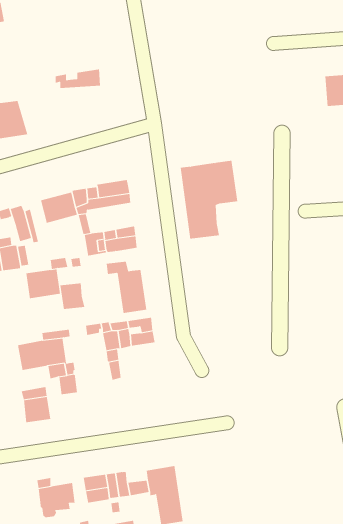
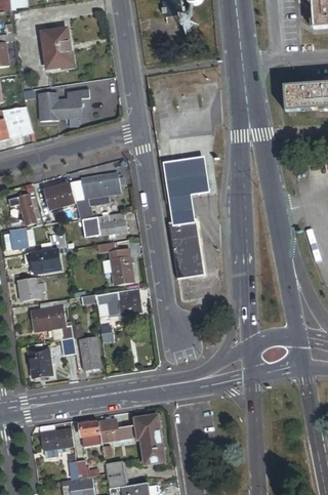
building: none -> [40,27,71,68]
building: none -> [38,86,85,120]
building: none -> [167,220,203,278]
building: [60,283,85,310] -> [16,278,38,300]
building: none -> [79,337,100,370]

